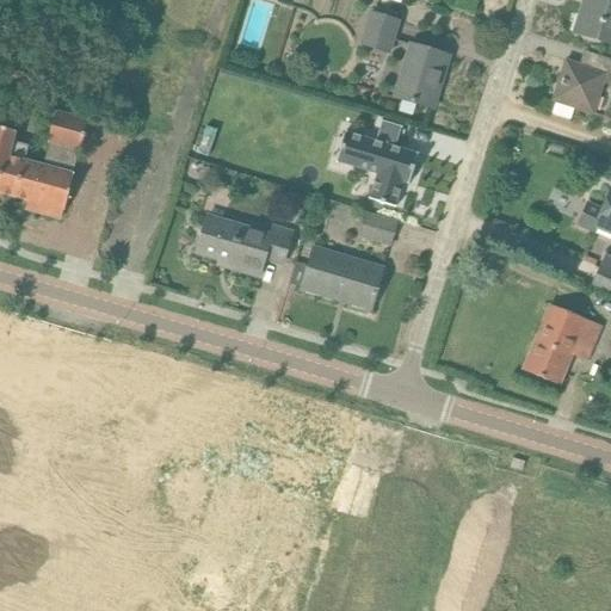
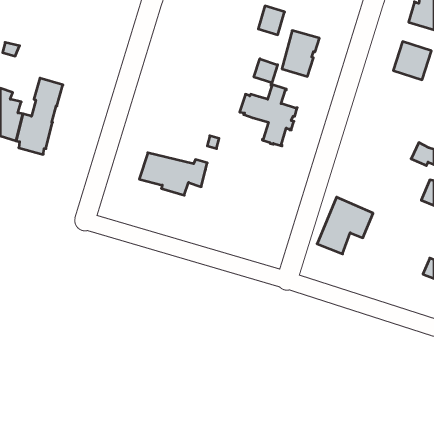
building: none -> [254,59,278,83]
building: [359,212,397,243] -> none
building: [301,245,383,308] -> none
building: [523,303,601,383] -> [317,197,373,254]

